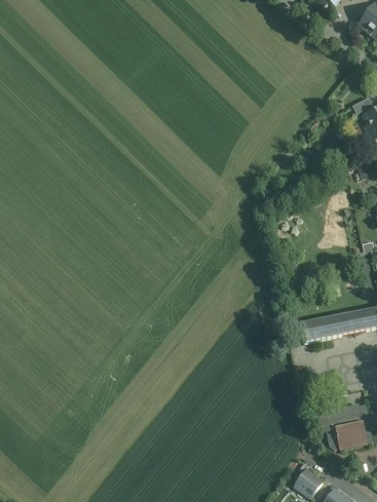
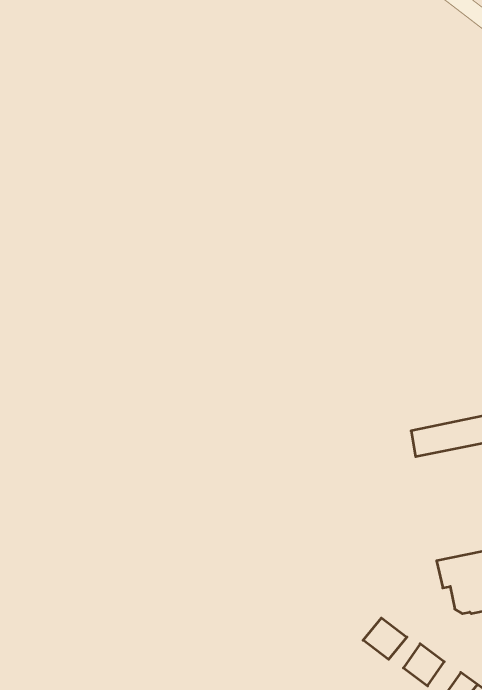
building: none -> [363,618,407,659]

